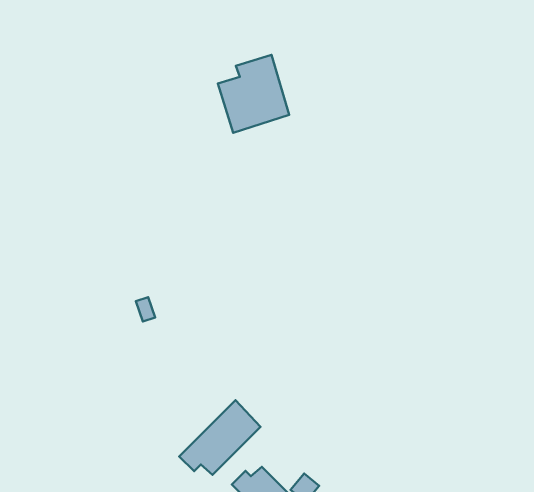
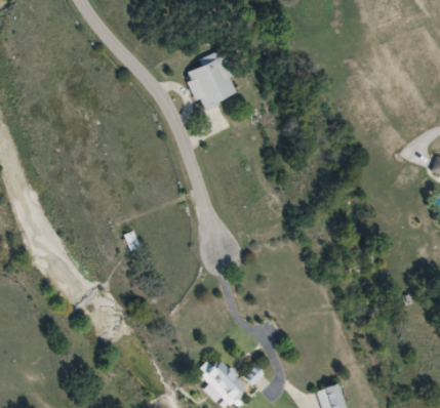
building: [179,400,261,475] -> none

